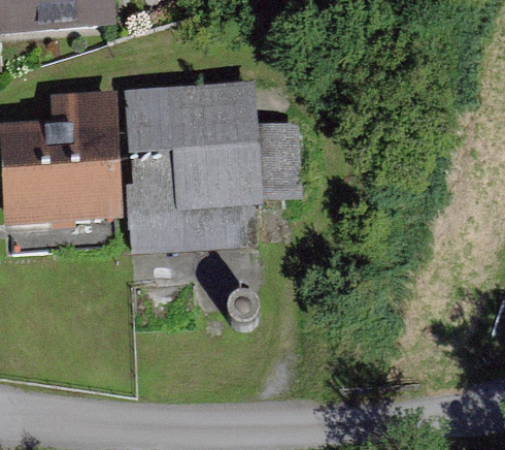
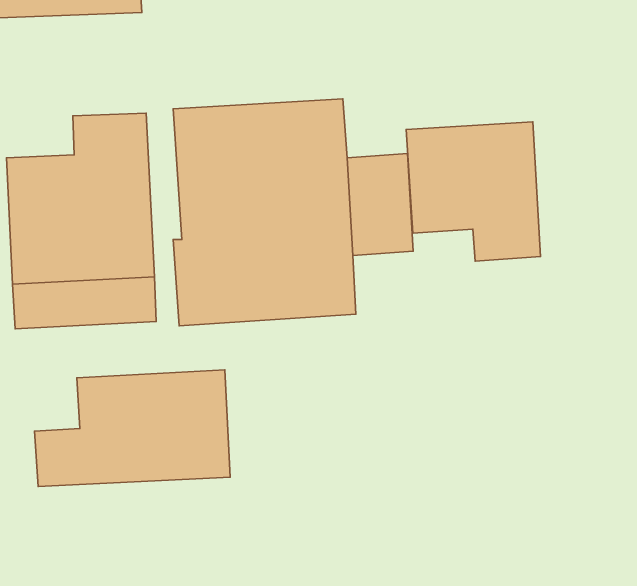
building: none -> [406,122,541,261]
building: none -> [34,370,230,486]

